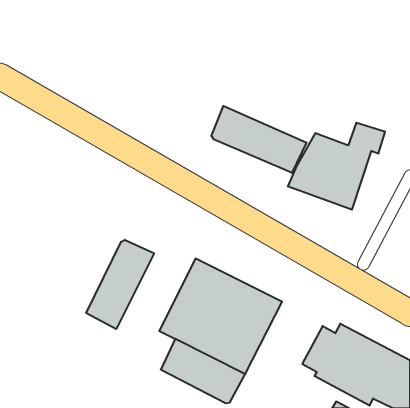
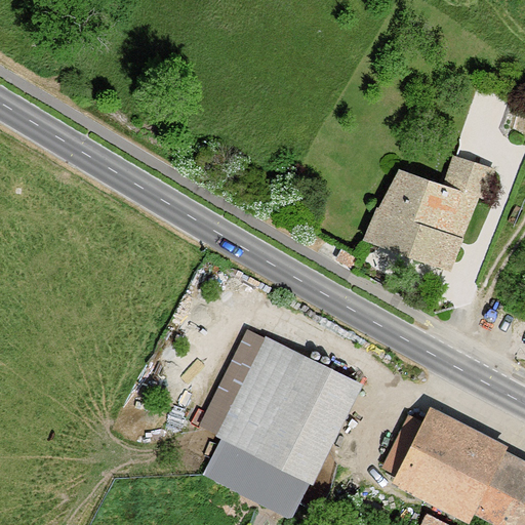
building: [211,106,306,173] -> none
building: [86,240,154,329] -> none

